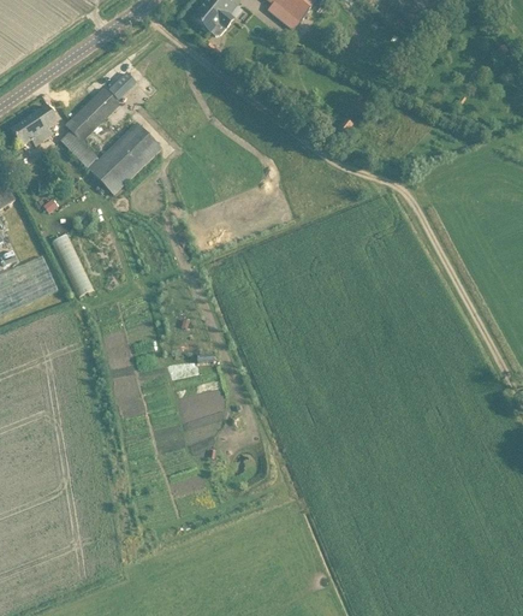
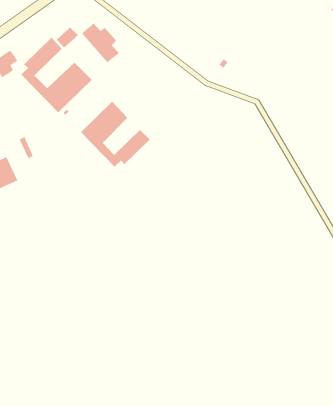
building: none -> [81,23,119,63]
building: none -> [80,101,150,167]

